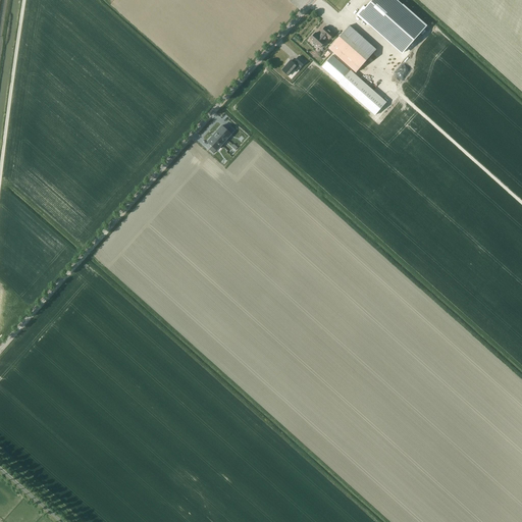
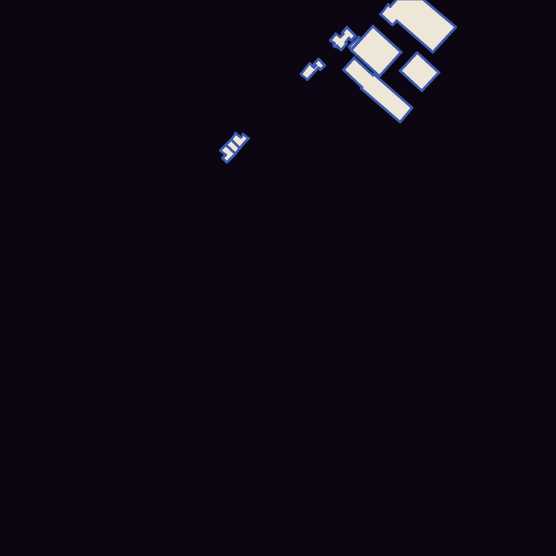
building: none -> [400,53,439,91]

